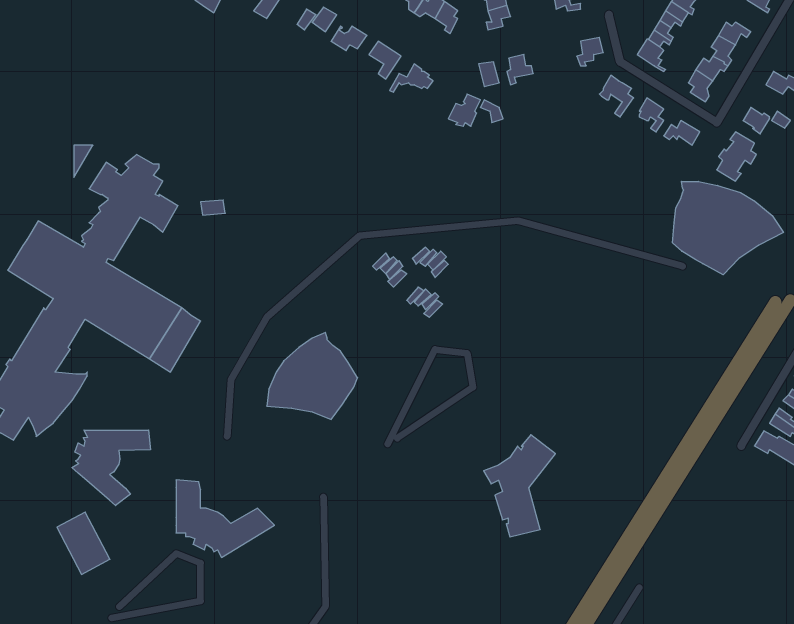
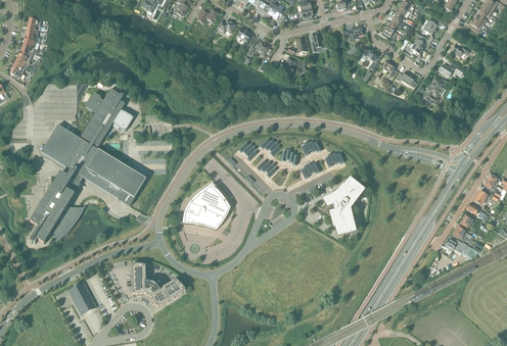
building: [673,181,783,275] -> none
building: [72,430,150,506] -> none
building: [484,435,555,537] -> [324,180,363,235]

